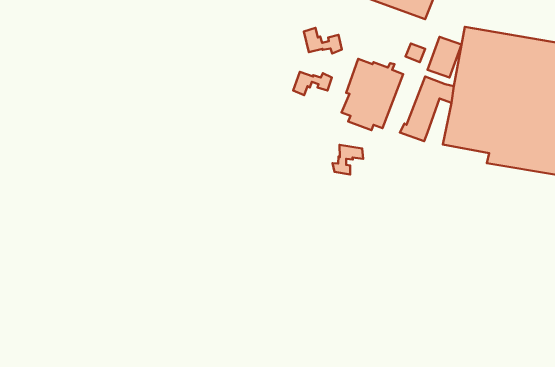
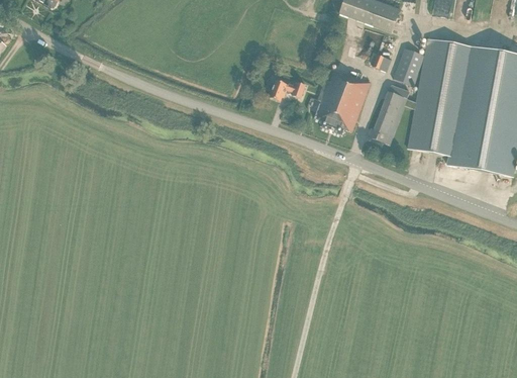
building: [304,28,342,53] -> none
building: [333,145,363,175] -> none

